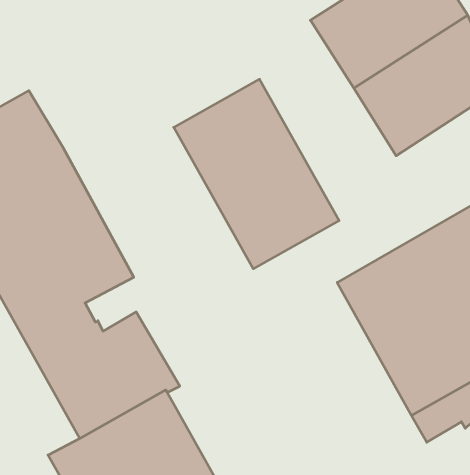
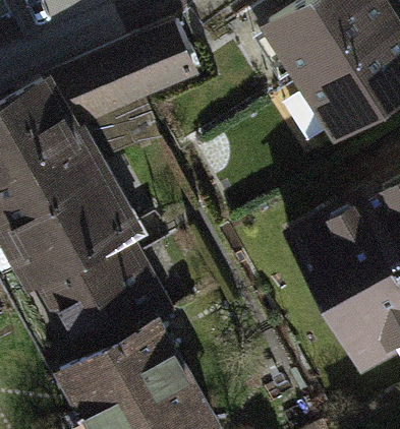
building: none -> [46,25,195,129]
building: [174,79,339,269] -> none

